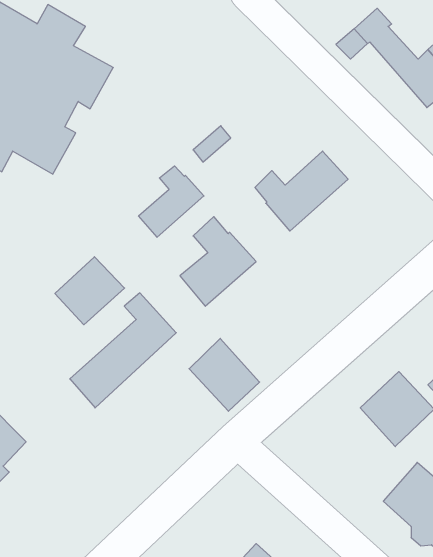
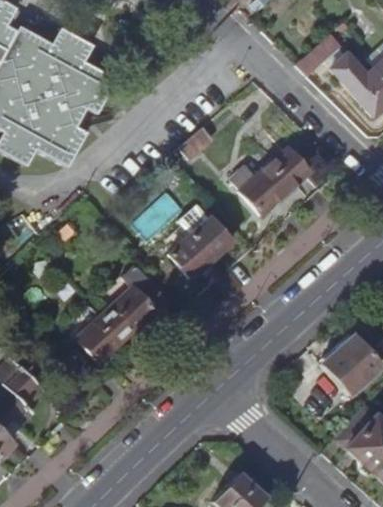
building: [139,166,204,237] -> none
building: [55,257,125,325] -> none
building: [189,338,260,411] -> none

